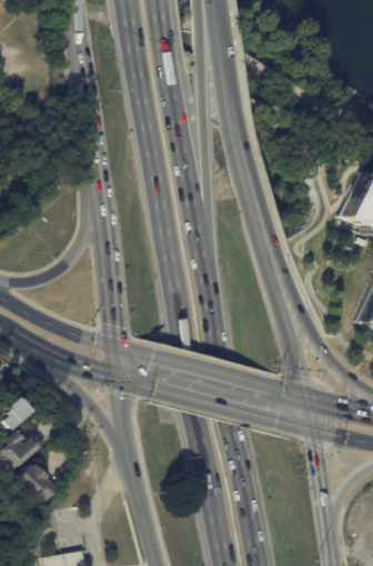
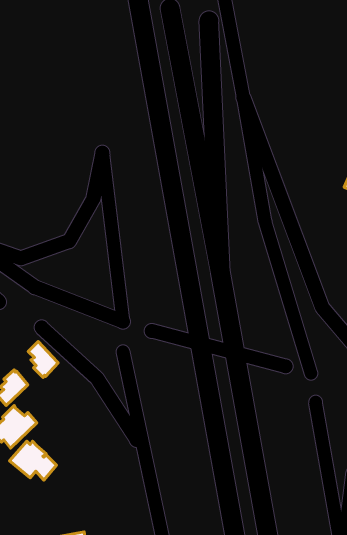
building: none -> [28,341,58,377]

